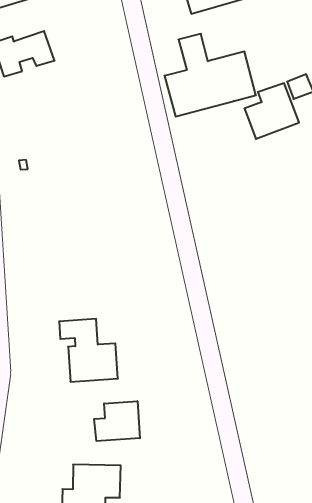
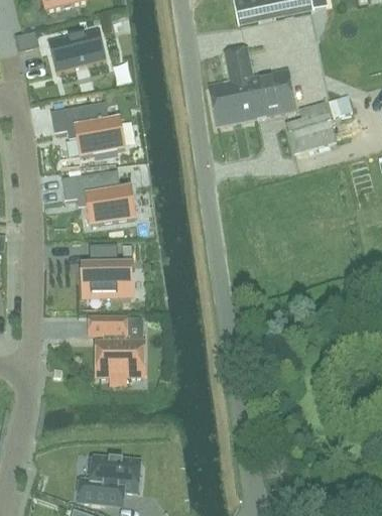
building: none -> [51,102,125,155]
building: none -> [74,176,135,222]
building: none -> [84,244,131,297]
building: [94,401,140,441] -> none

